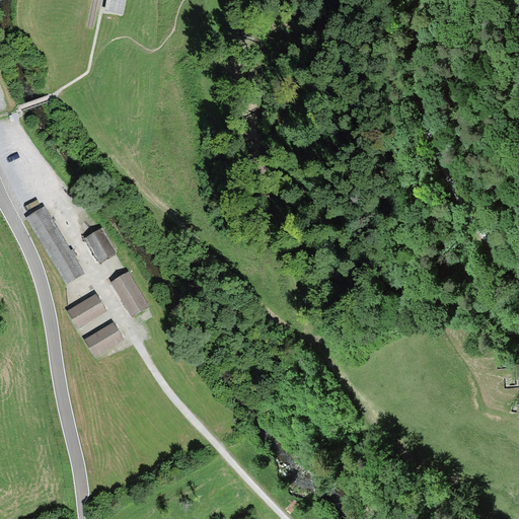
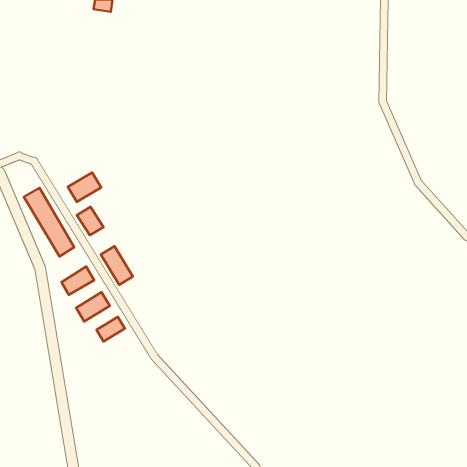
building: none -> [68,173,101,202]
building: none -> [96,317,125,342]

